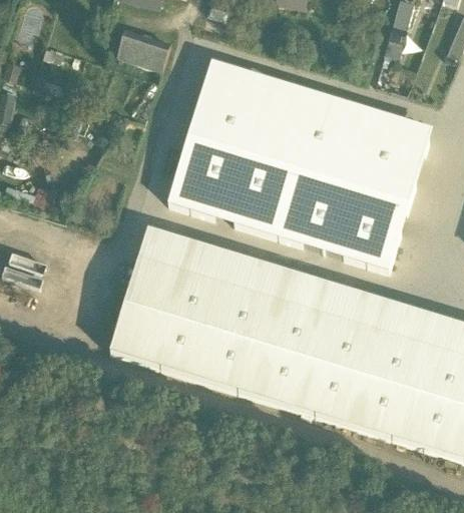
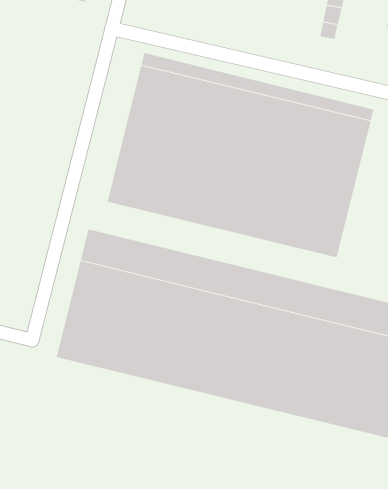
building: [118,28,170,69] -> none

